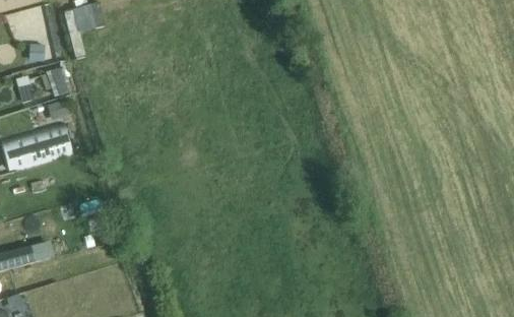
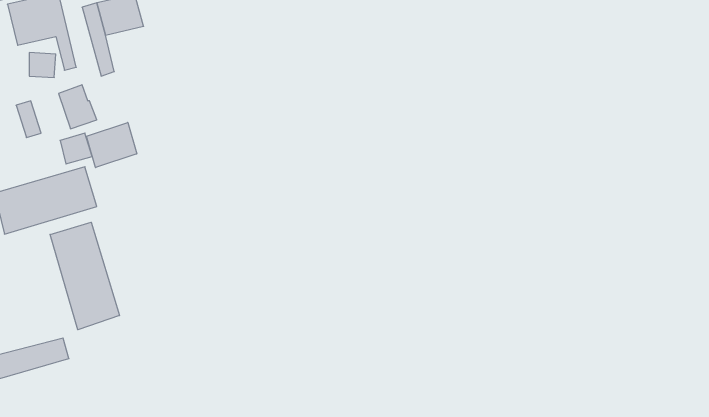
building: none -> [87,122,137,168]
building: none -> [50,222,119,330]

